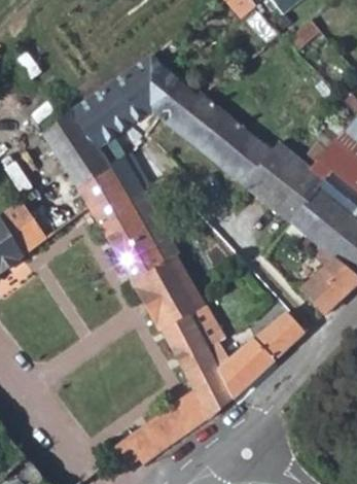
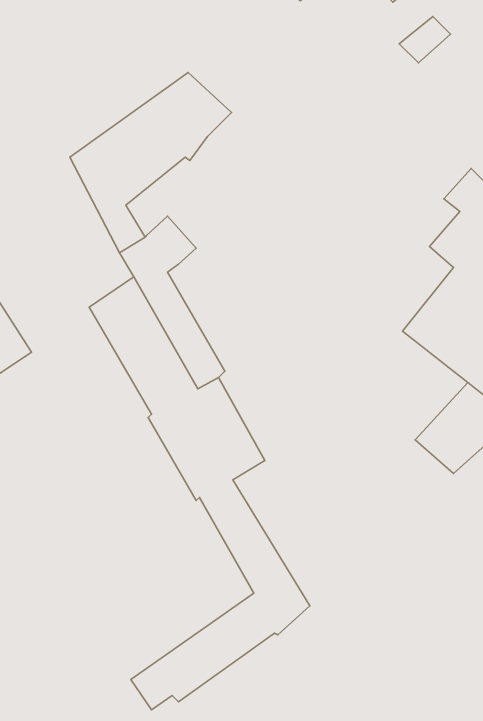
building: [154,80,324,221] -> none
building: [45,109,118,206] -> none
building: [182,304,308,399] -> none

